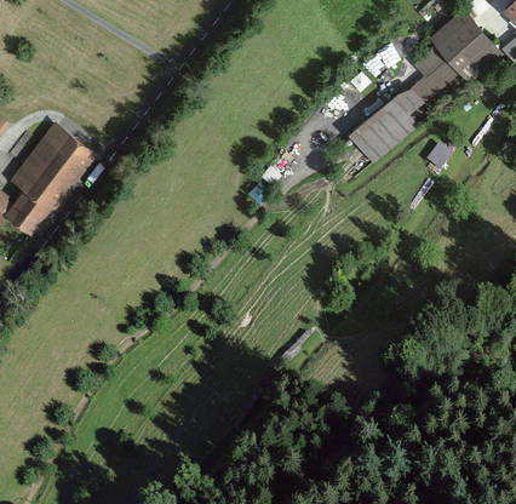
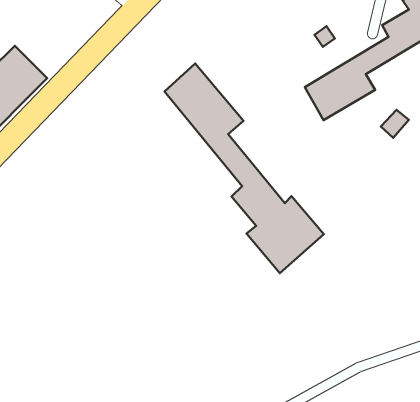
building: none -> [165,64,324,273]

